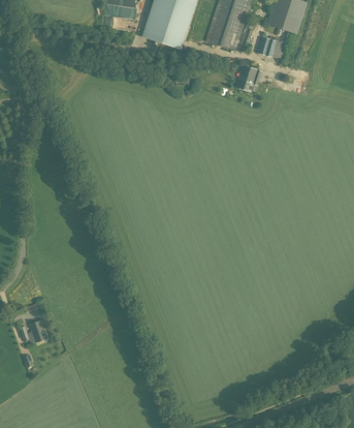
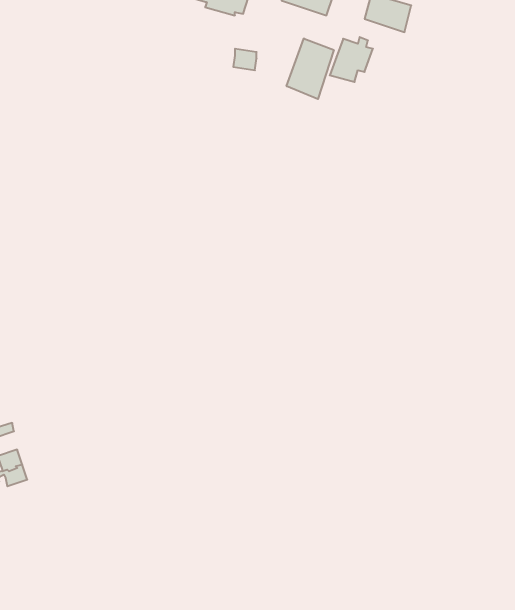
building: none -> [287,38,334,99]

